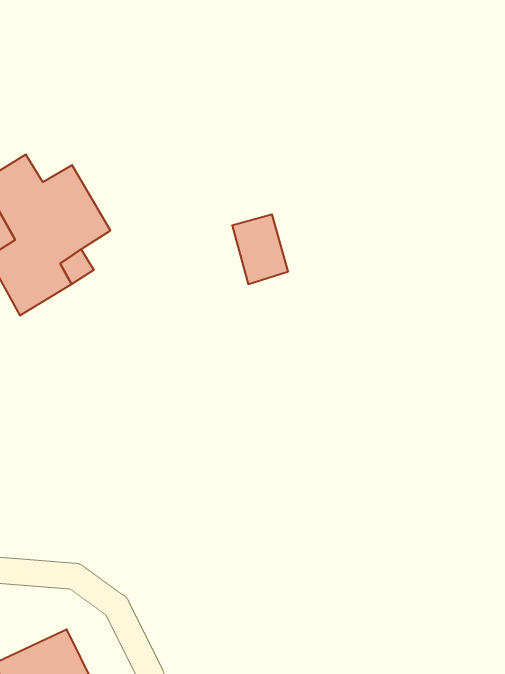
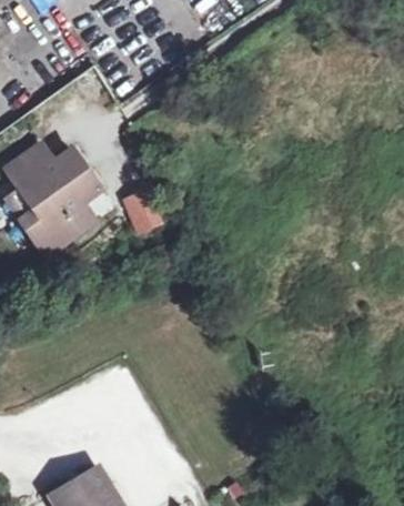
building: [232,214,288,284] -> [120,185,161,234]

